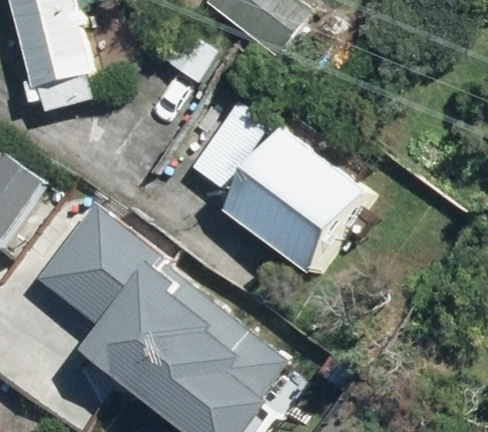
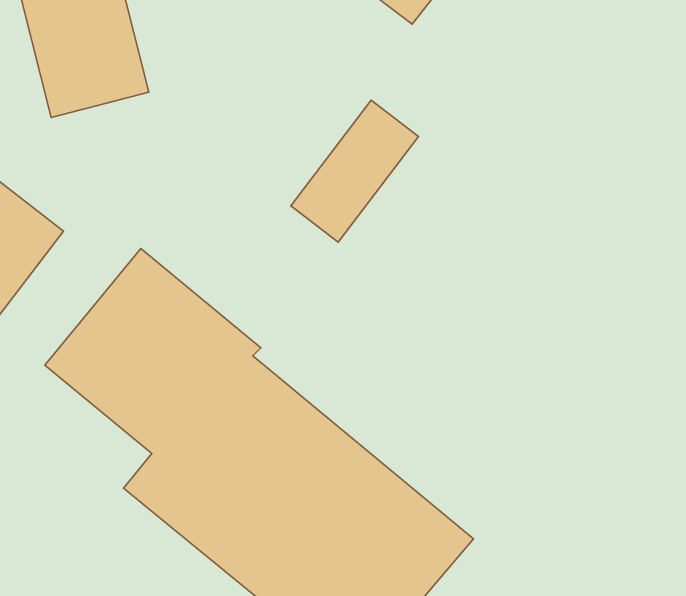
building: [219,121,377,278] -> none

